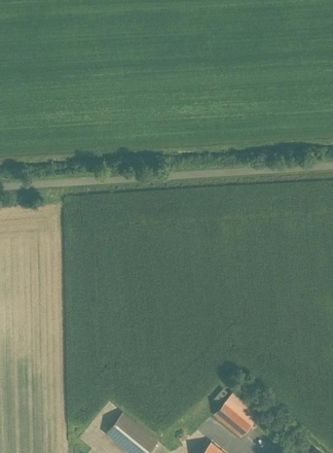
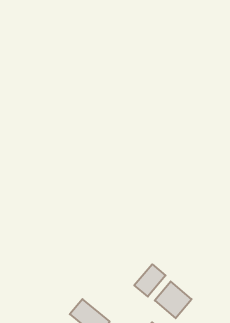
building: none -> [134,264,166,297]

